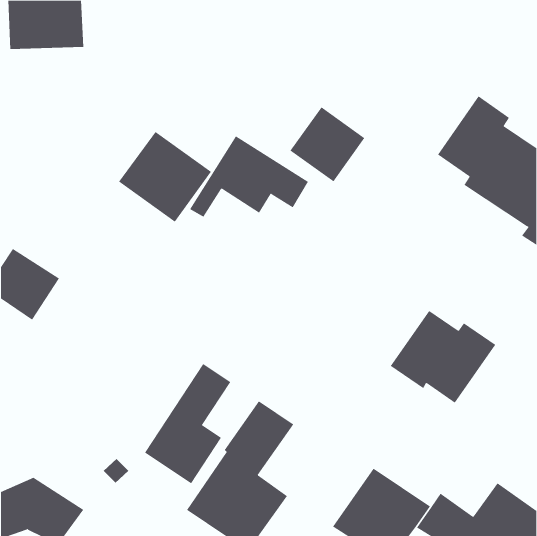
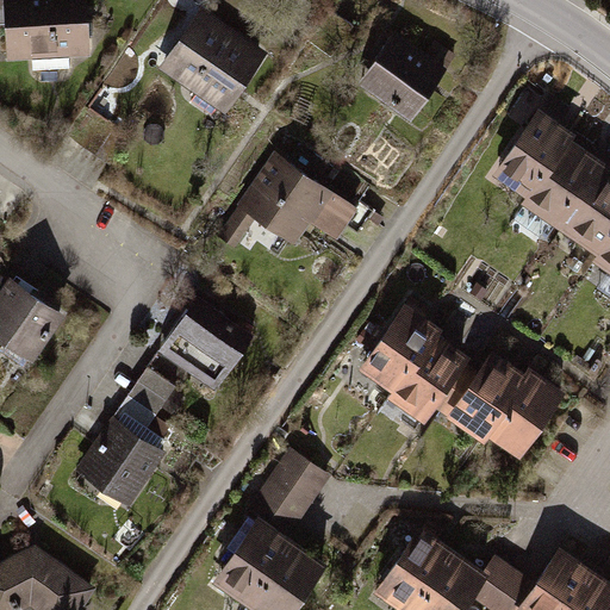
building: [290,106,365,182] -> [362,36,448,122]
building: [118,131,212,222] -> [156,12,262,116]
building: none -> [163,300,253,387]
building: none -> [356,304,462,422]
building: [144,363,231,484] -> [80,363,179,500]

